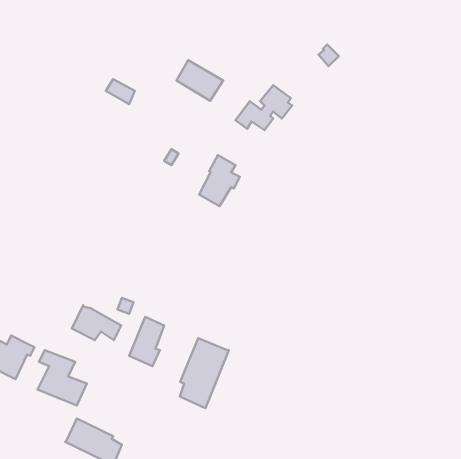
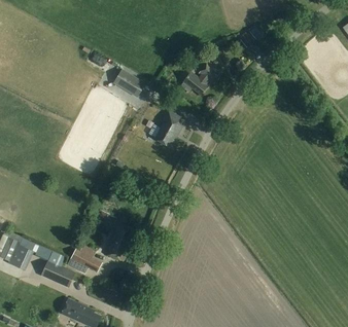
building: [177,60,223,101] -> [113,68,146,97]
building: [72,305,121,340] -> [67,248,102,272]
building: [180,338,229,408] -> none

